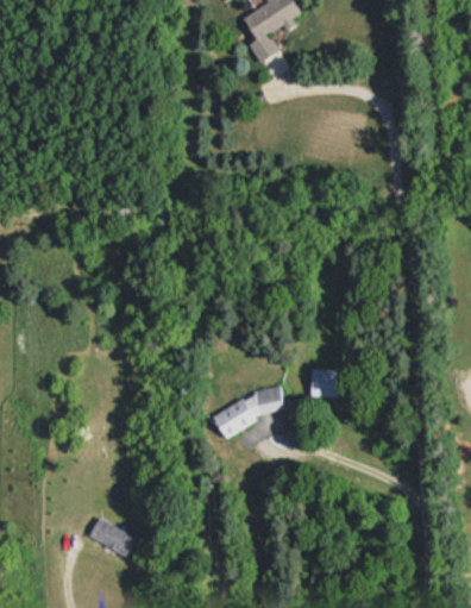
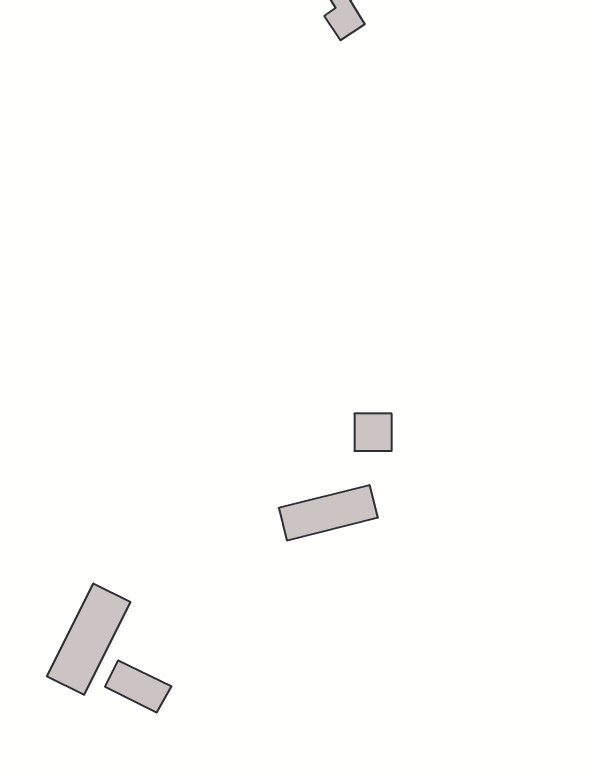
building: [310,370,338,397] -> [354,414,392,451]
building: none -> [47,583,130,695]

